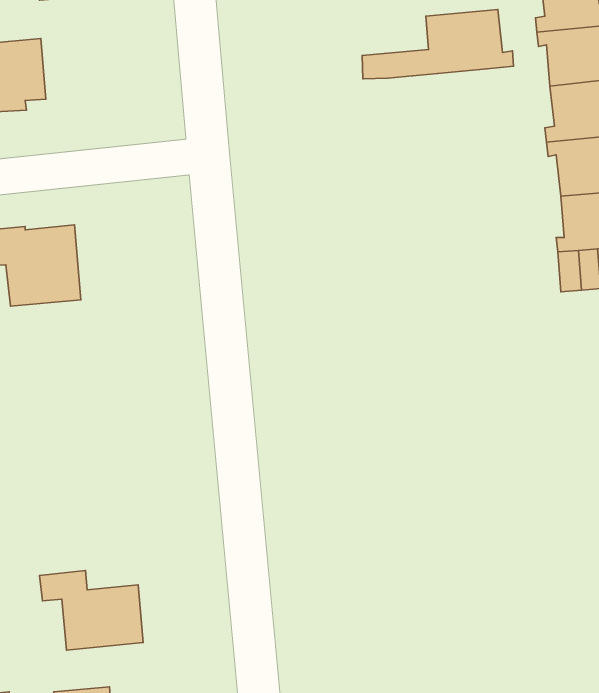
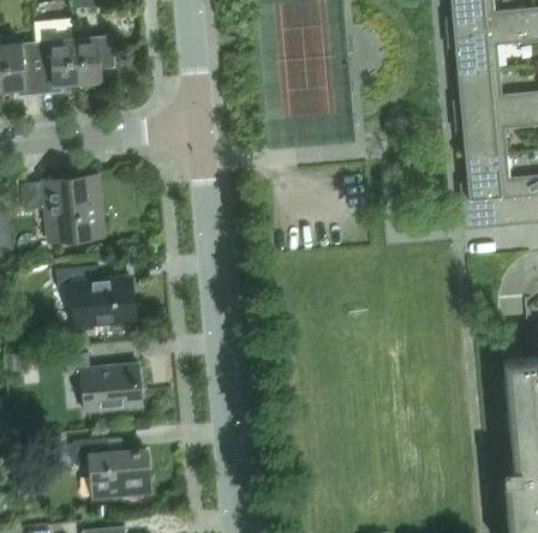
building: [362,10,514,79] -> none
building: none -> [74,35,116,84]
building: none -> [58,266,136,327]
building: none -> [66,354,144,414]

